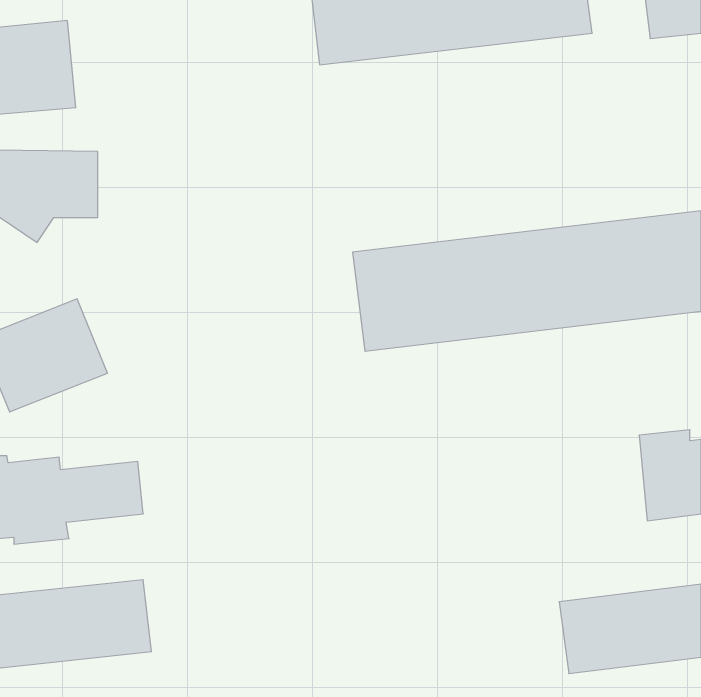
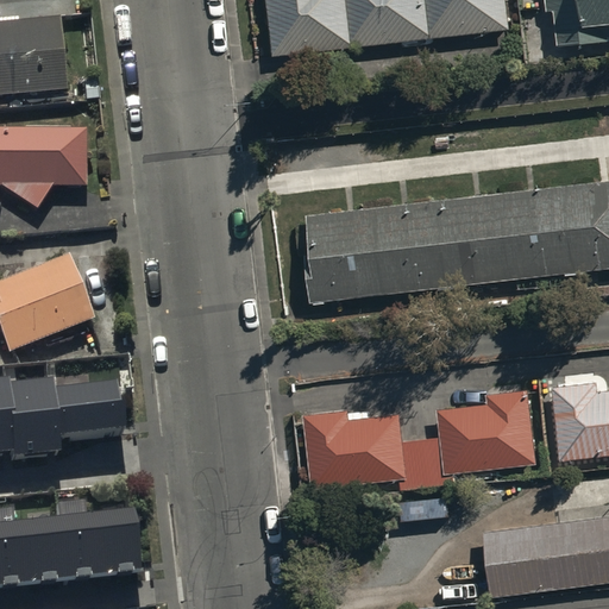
building: none -> [307,390,539,489]

